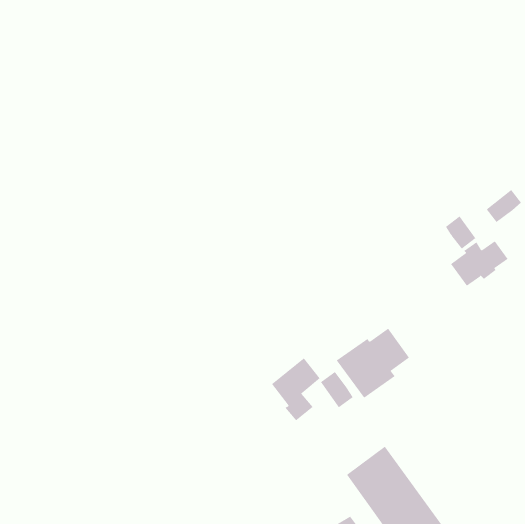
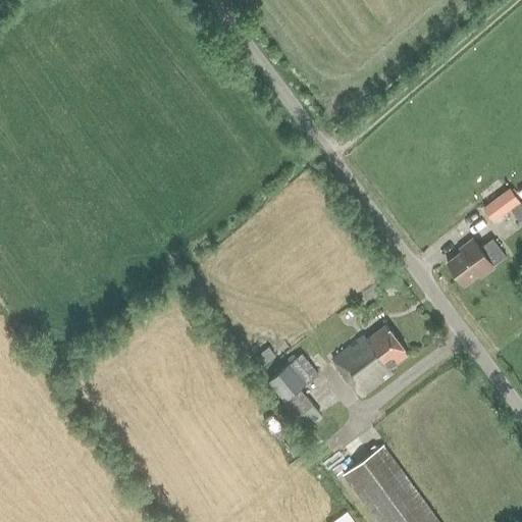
building: [445,216,476,249] -> none
building: [320,371,353,408] -> none

